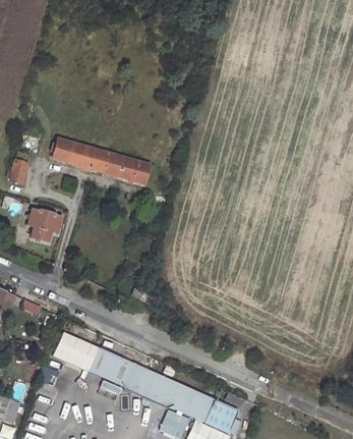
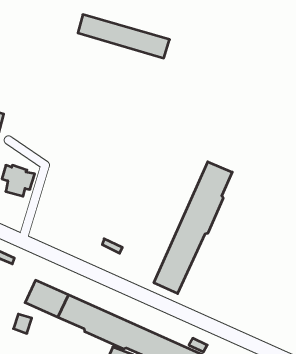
building: [54,139,151,184] -> [78,15,170,58]
building: none -> [154,162,232,294]

